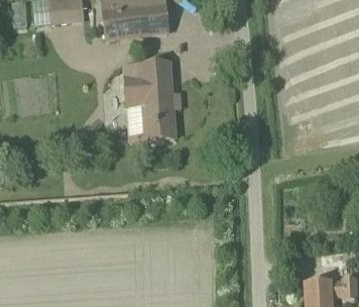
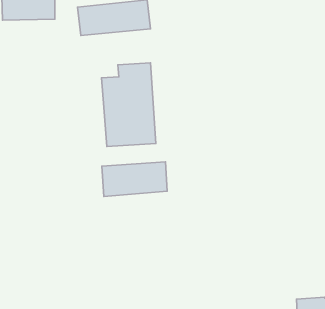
building: none -> [102,162,167,196]

